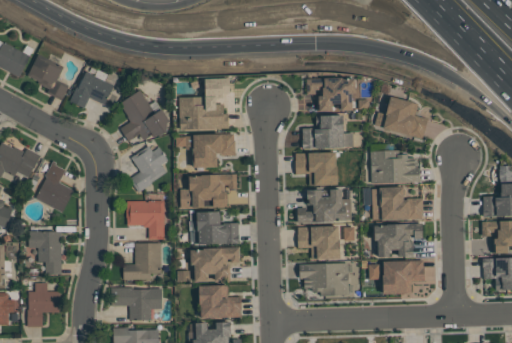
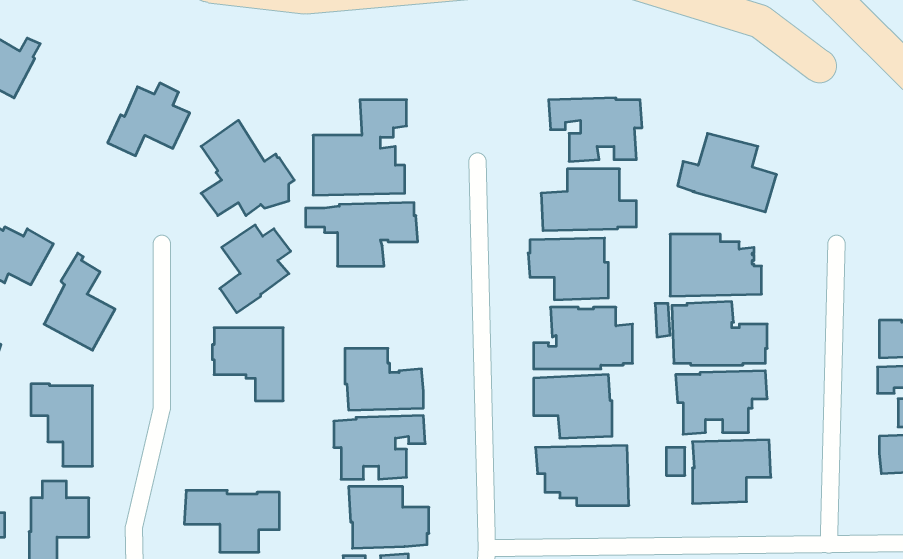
building: [28,54,69,101] -> none
building: [180,174,237,209] -> none
building: [123,243,161,280] -> none

